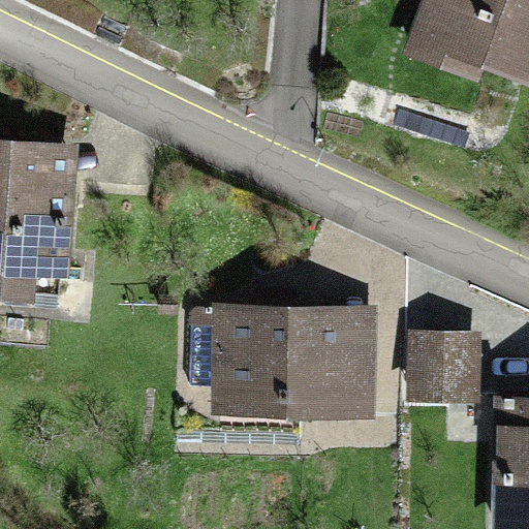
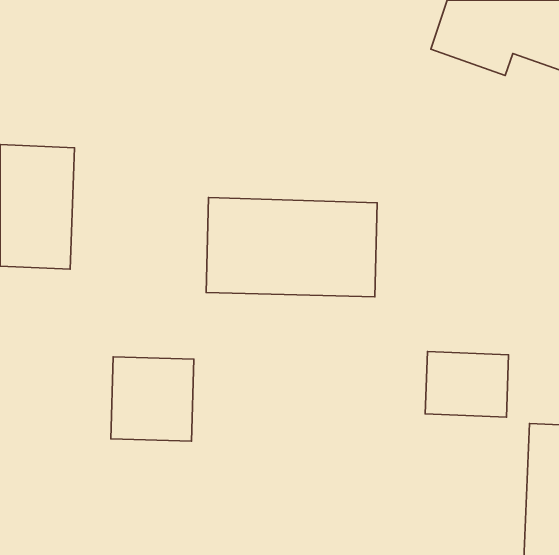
building: [210,309,371,403] -> [206,197,377,297]
building: none -> [111,357,194,441]

